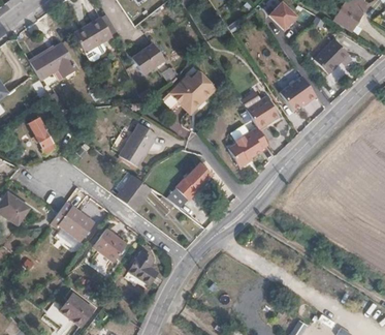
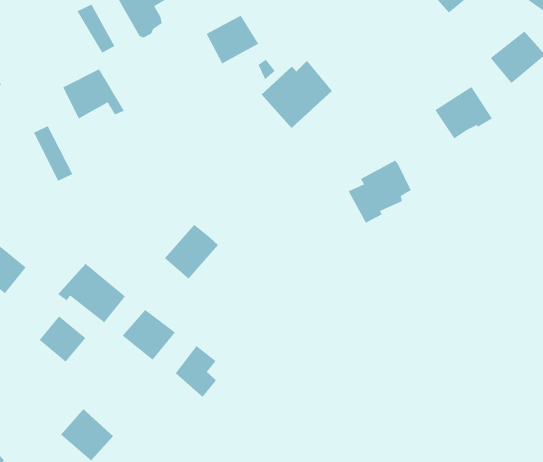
building: [28,44,68,78] -> [62,68,125,119]
building: [242,86,281,128] -> none
building: [121,121,160,165] -> none
building: [177,162,212,200] -> none
building: none -> [39,316,86,362]

